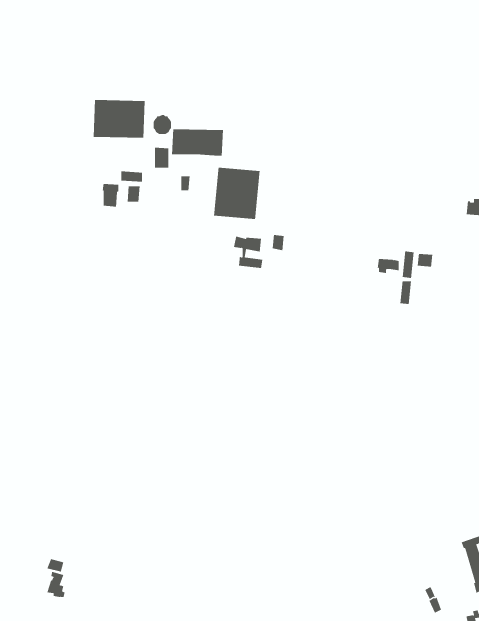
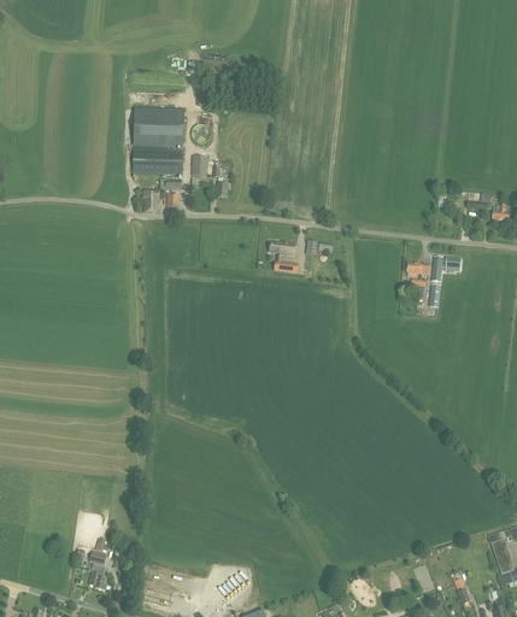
building: [171,129,224,156] -> [131,147,182,174]
building: [214,167,260,220] -> none

